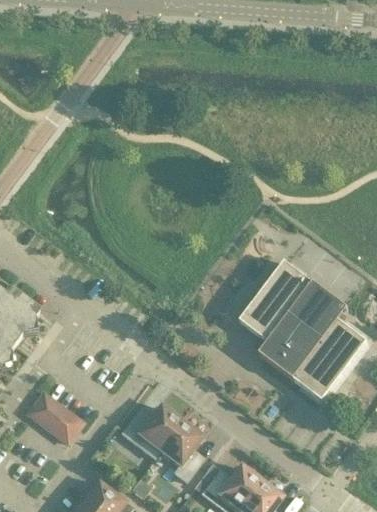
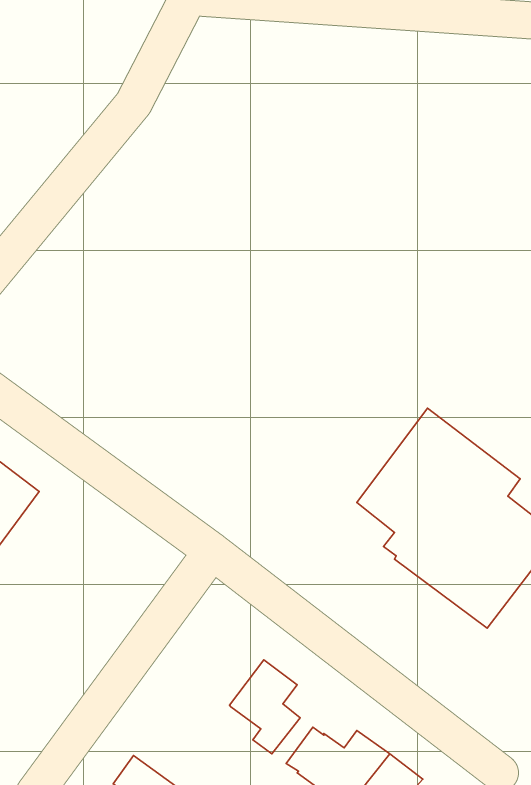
building: [25,393,80,443] -> none
building: [119,406,178,458] -> none

